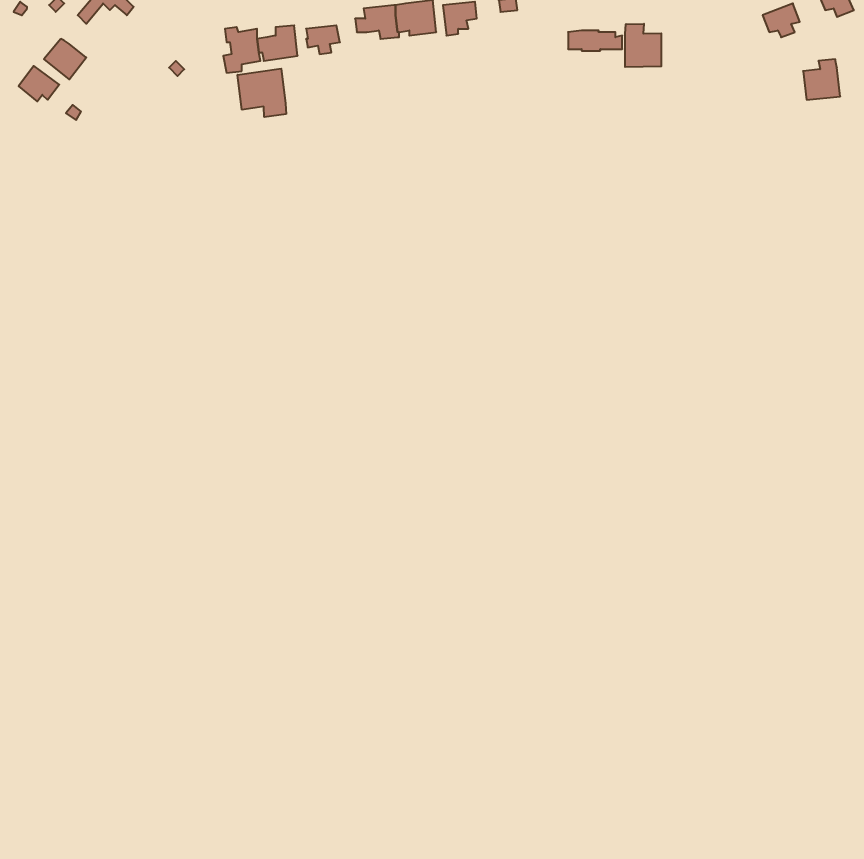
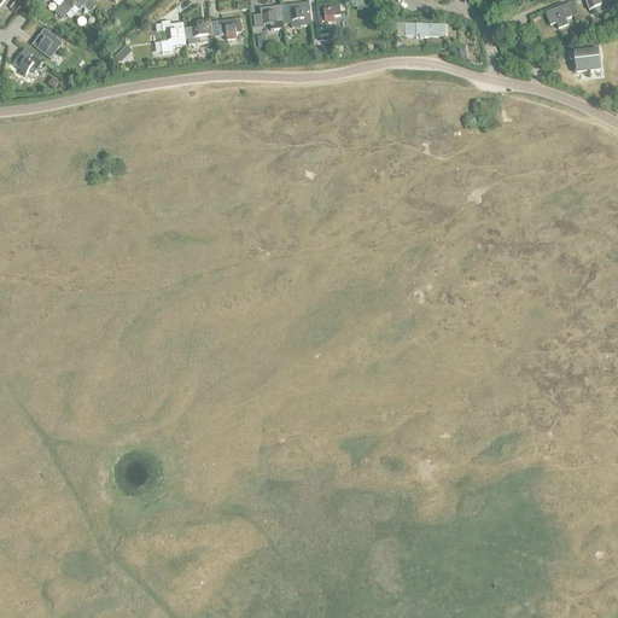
building: [625,24,661,67] -> none
building: [238,69,286,117] -> none

